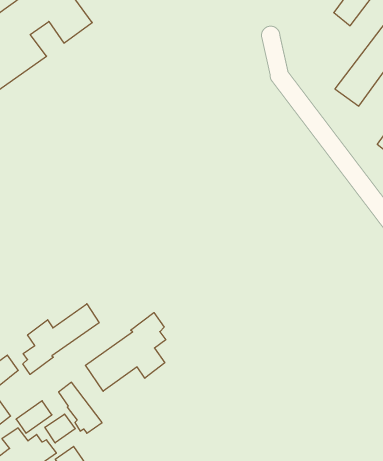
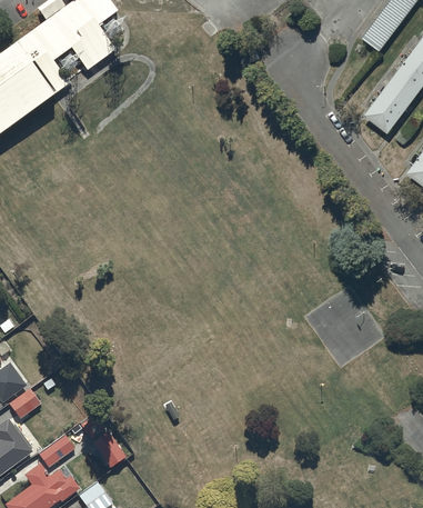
building: [23,304,99,374] -> none
building: [85,313,166,391] -> none
building: [45,414,75,443] -> none

